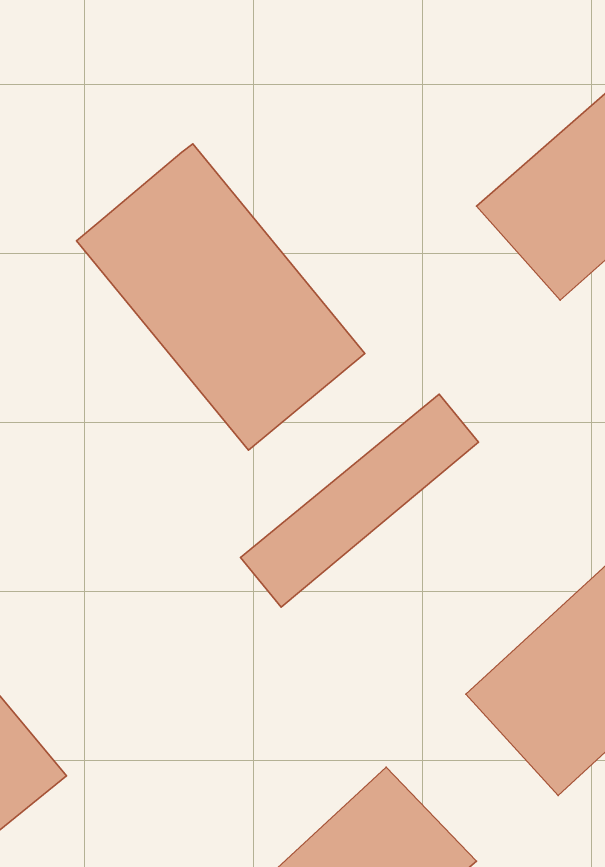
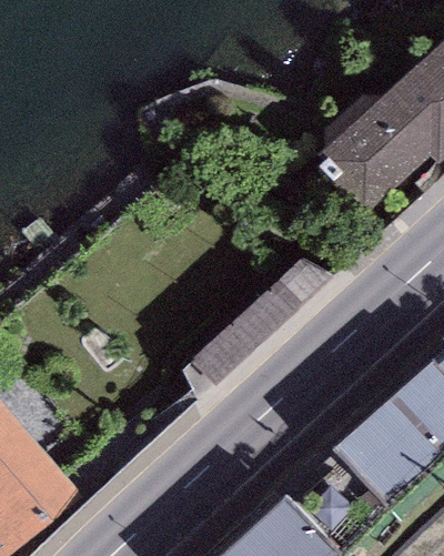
building: [76,144,365,450] -> none

